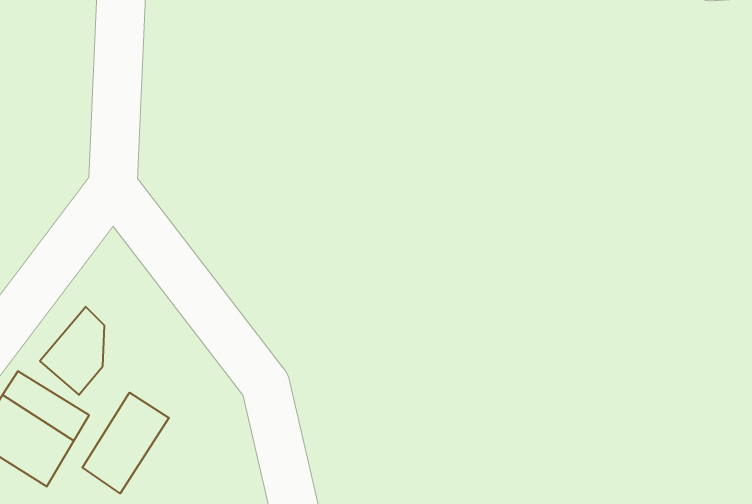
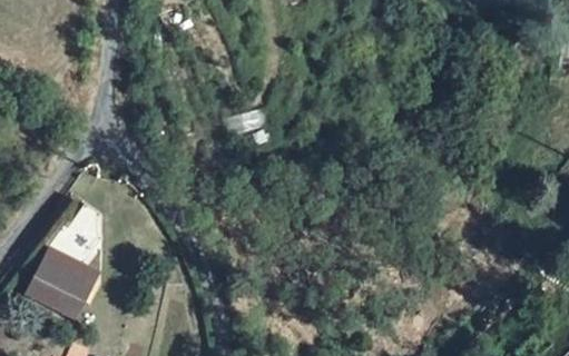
building: [82,393,169,493] -> none

